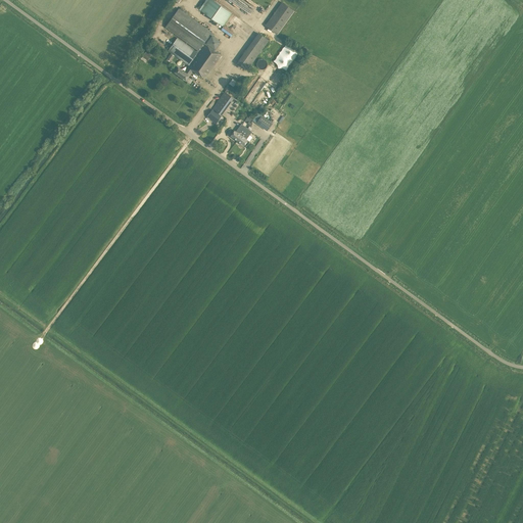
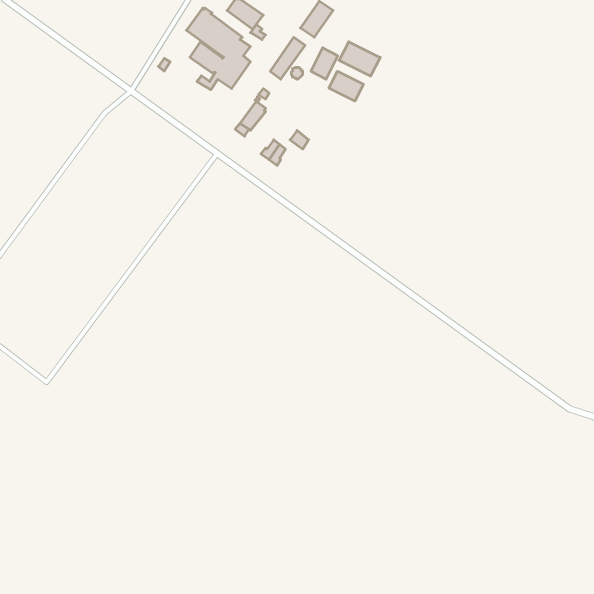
building: none -> [339,42,380,76]
building: none -> [329,71,363,101]

